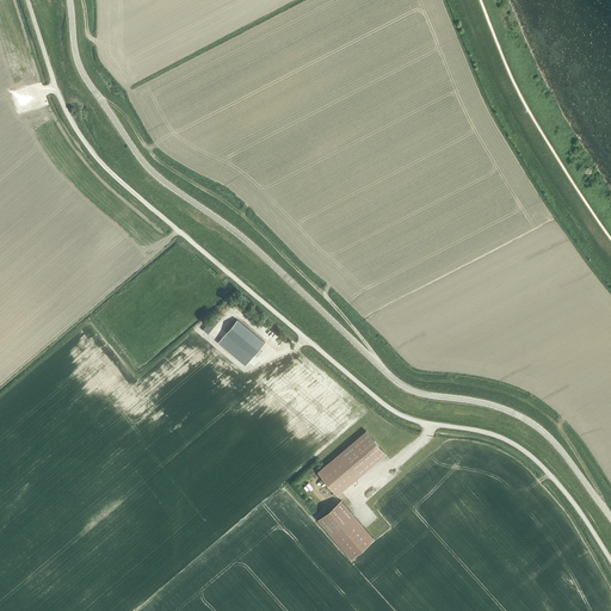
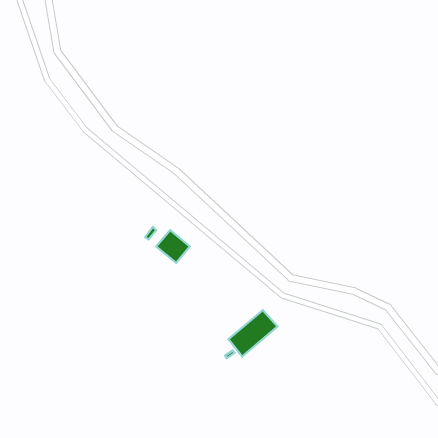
building: [316,500,374,560] -> none

